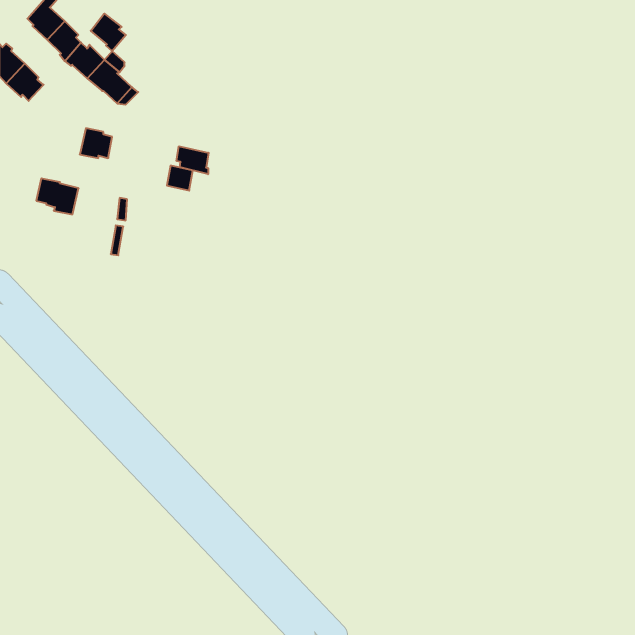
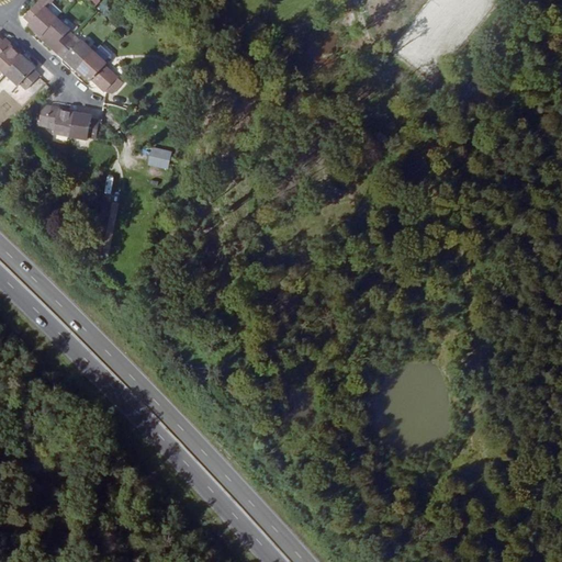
building: [91,14,126,51] -> none
building: [177,146,209,174] -> none
building: [36,178,79,214] -> [38,104,76,136]

